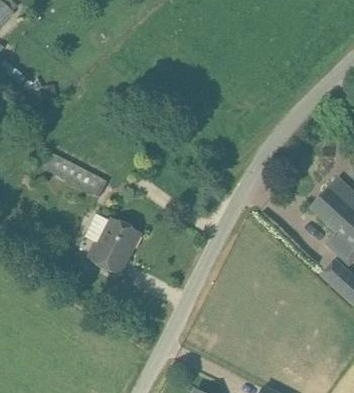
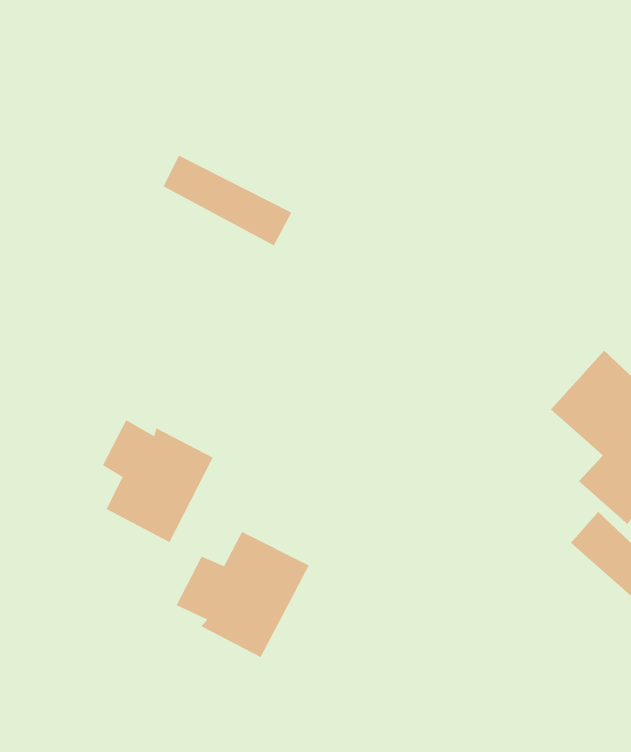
building: [42,151,108,197] -> [163,155,292,246]
building: none -> [176,531,309,658]

